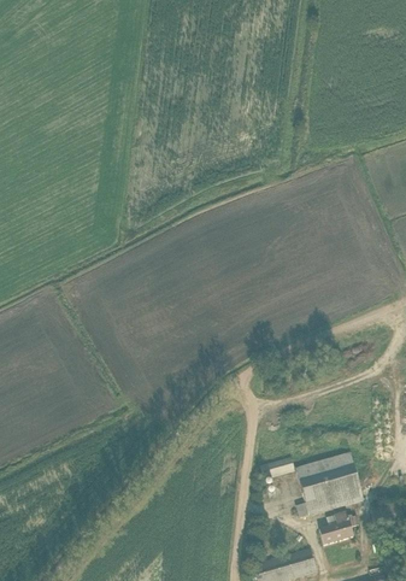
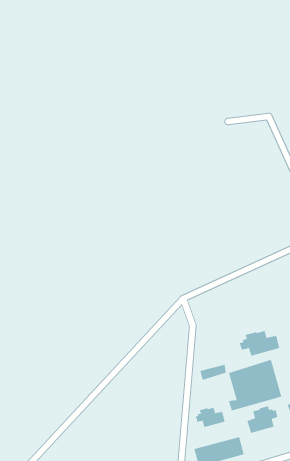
building: none -> [239,330,280,357]
building: none -> [195,407,225,428]

